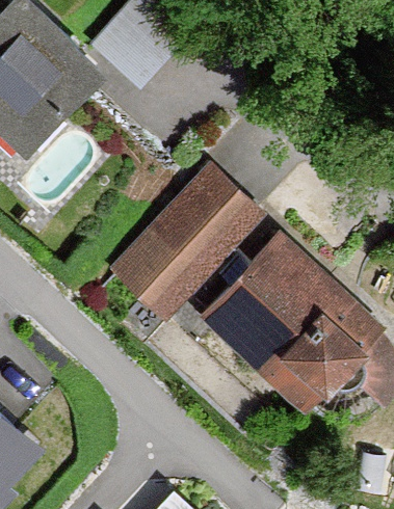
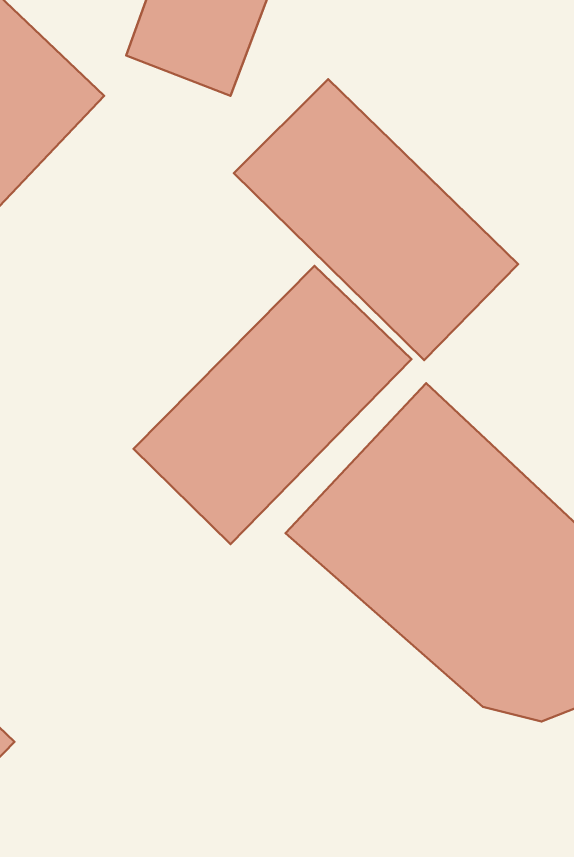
building: none -> [234,79,518,360]

